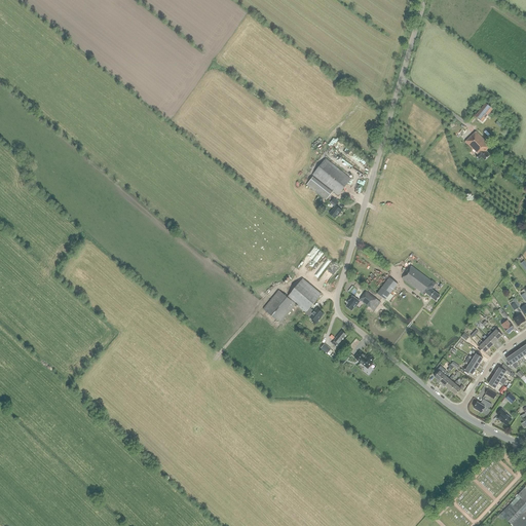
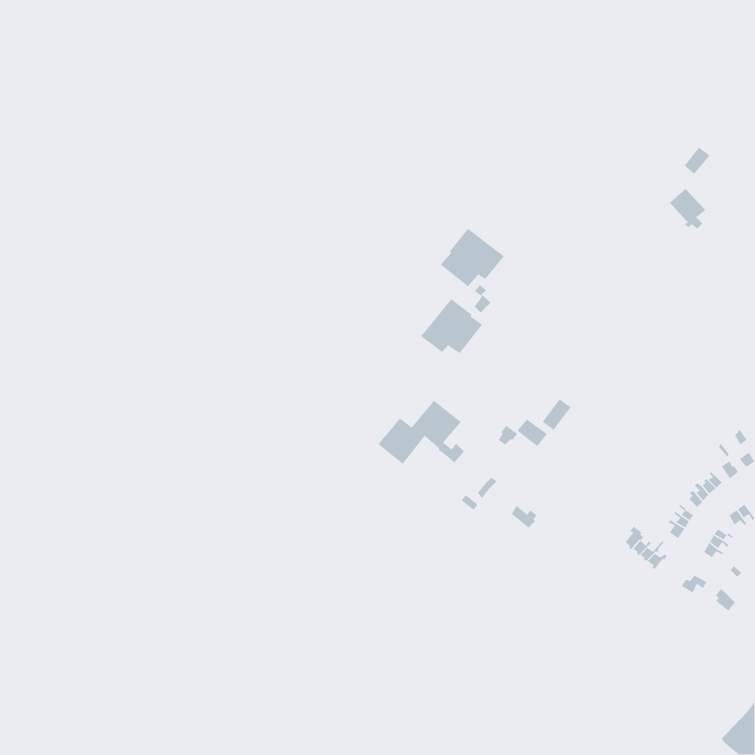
building: none -> [420,298,483,354]
building: [401,265,439,300] -> none

